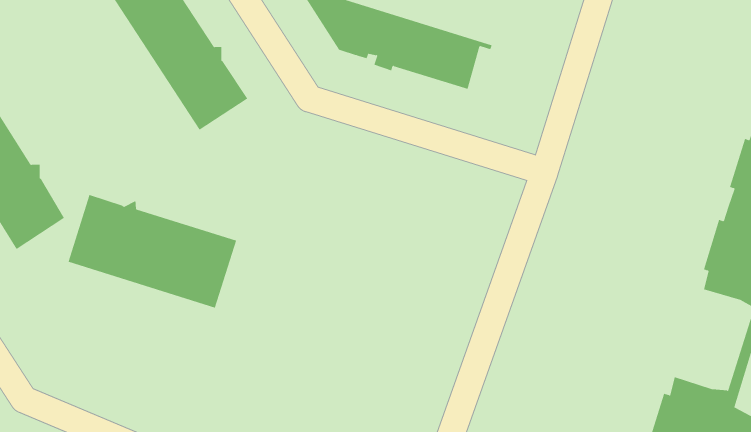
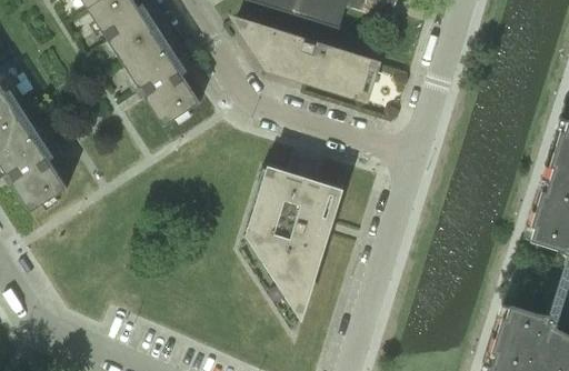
building: none -> [239,168,339,333]
building: [68,194,237,308] -> none

